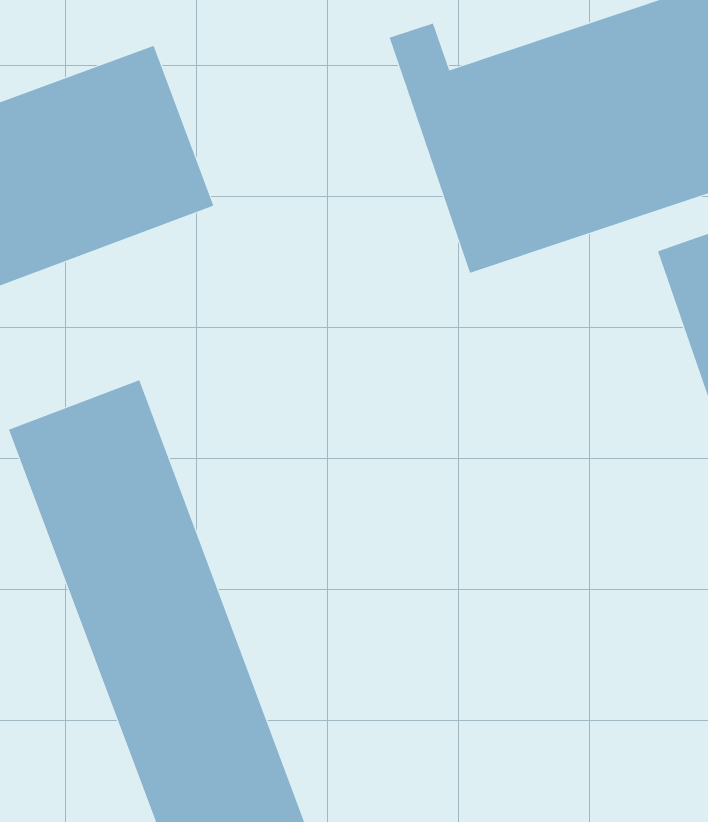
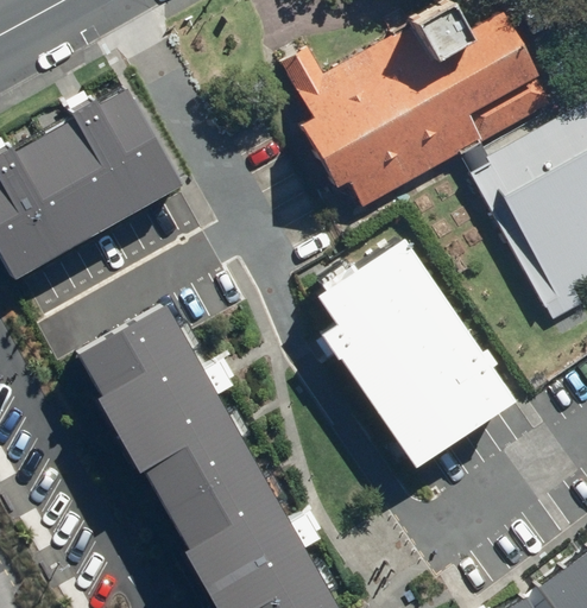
building: none -> [321,247,497,466]

